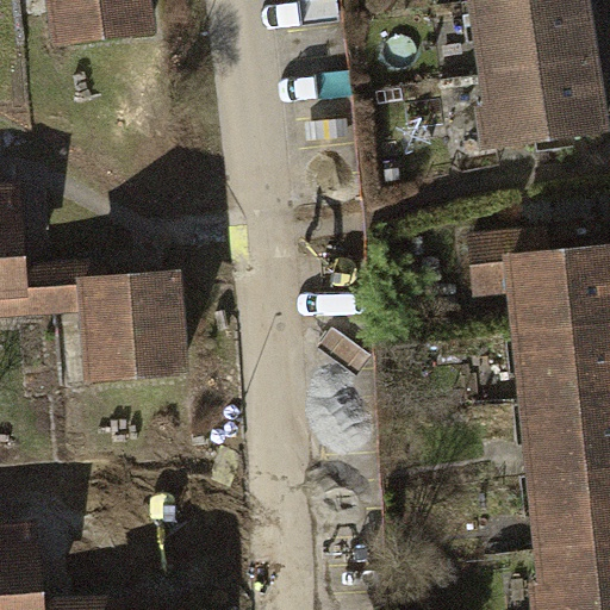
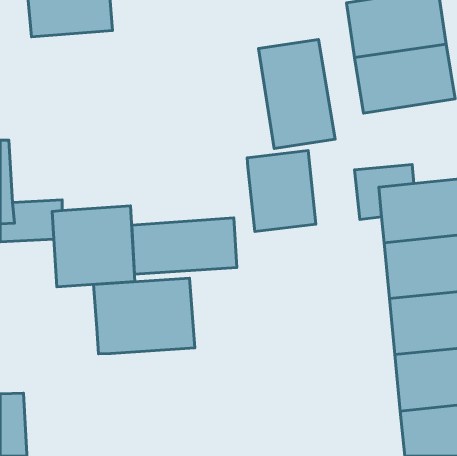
building: none -> [258,40,335,148]
building: none -> [247,151,316,231]
building: none -> [132,218,237,274]
building: none -> [93,278,195,354]

